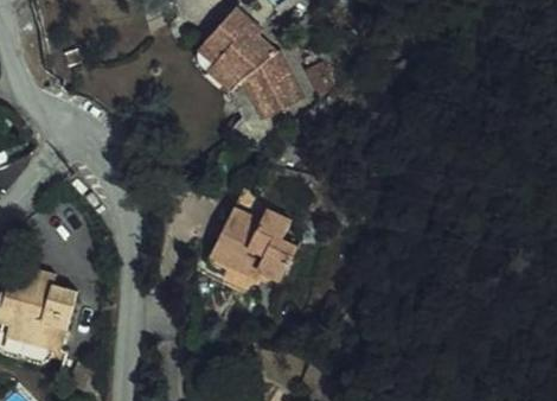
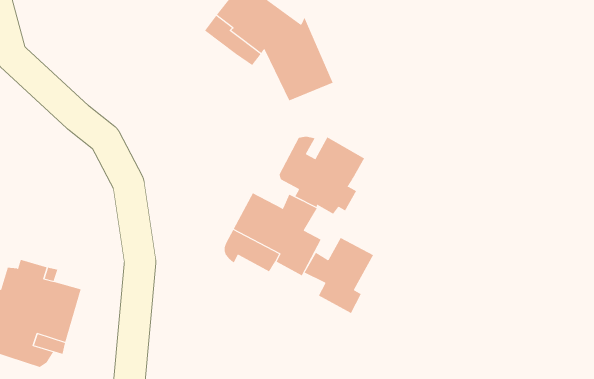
building: none -> [279,136,365,214]
building: none -> [304,237,374,314]

